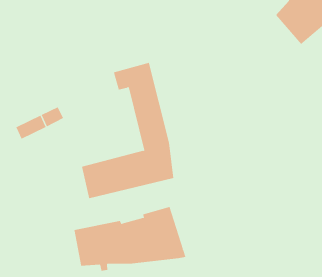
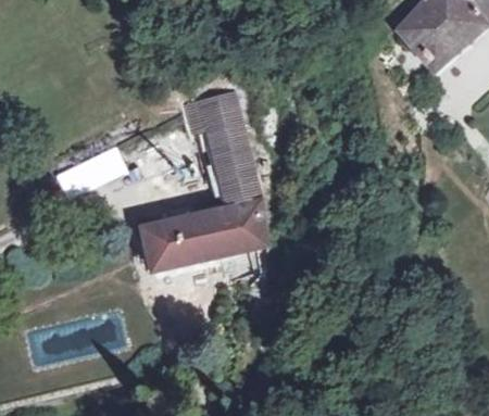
building: [74,206,186,271] -> none

